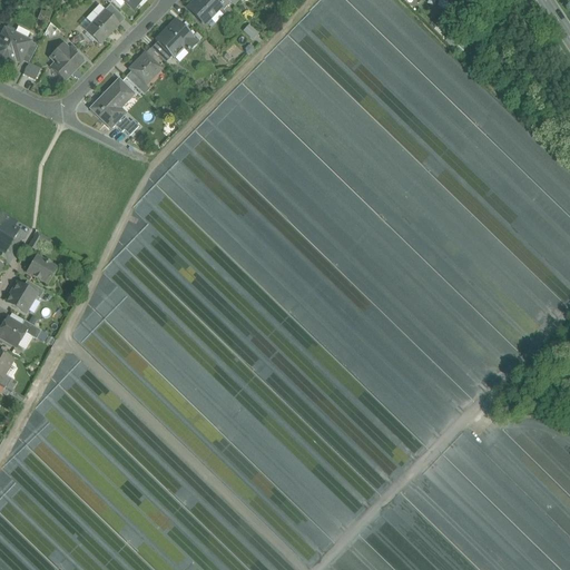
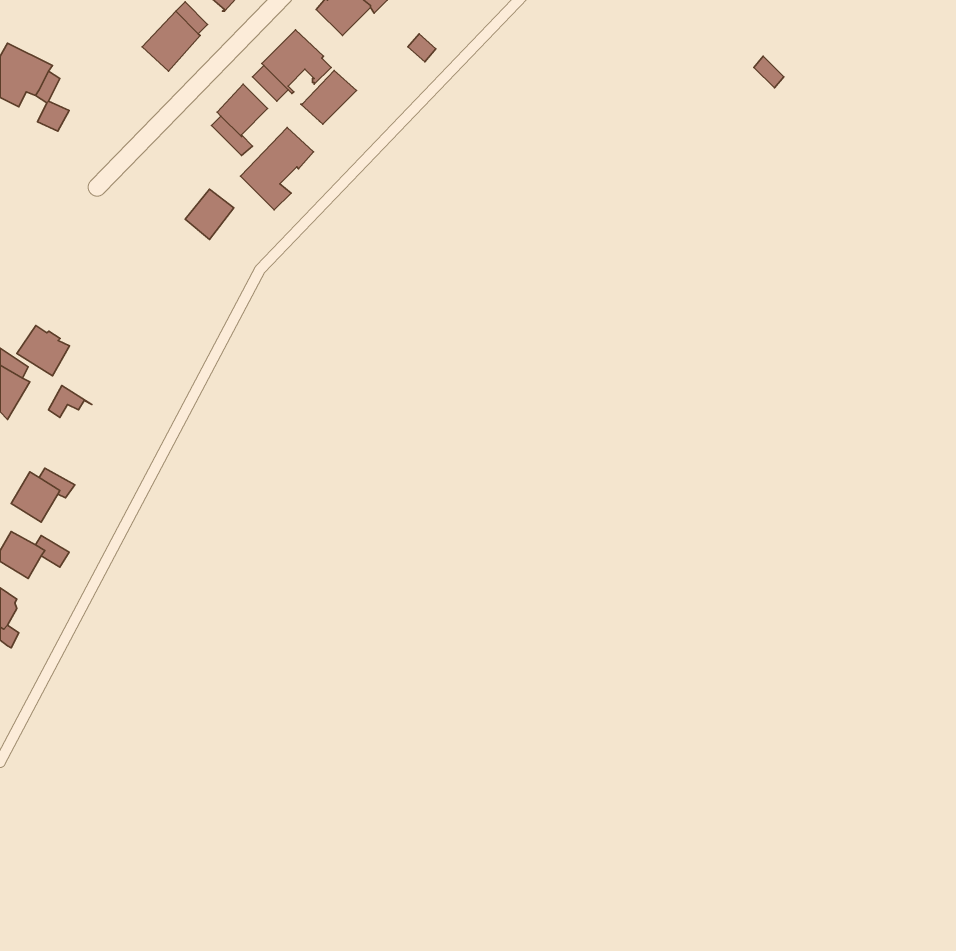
building: [51,41,82,78] -> none
building: none -> [301,71,356,124]
building: [90,77,134,126] -> [241,128,314,210]
building: [26,253,57,283] -> [17,325,69,376]

